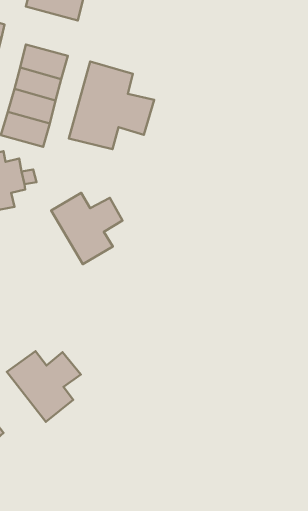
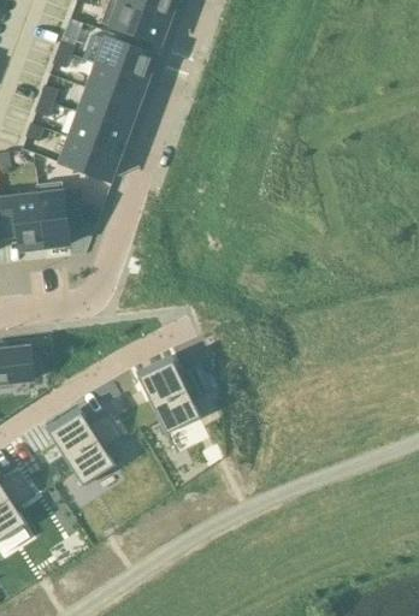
building: none -> [98,36,153,79]
building: [69,62,154,149] -> none
building: [51,193,122,264] -> [136,354,214,433]

